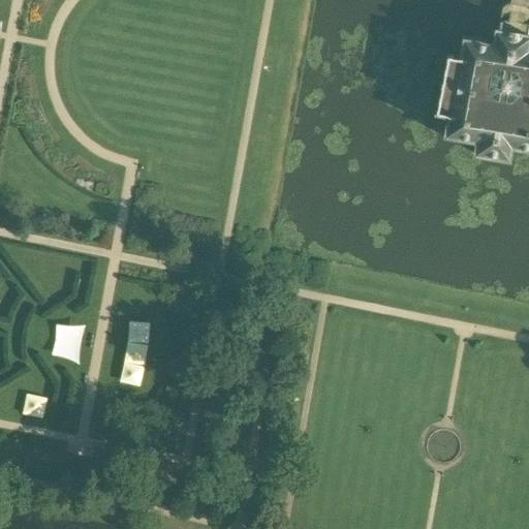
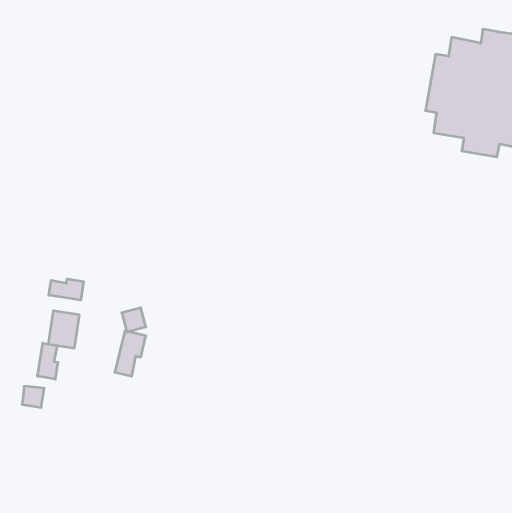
building: none -> [49,279,84,300]
building: none -> [38,343,58,379]

